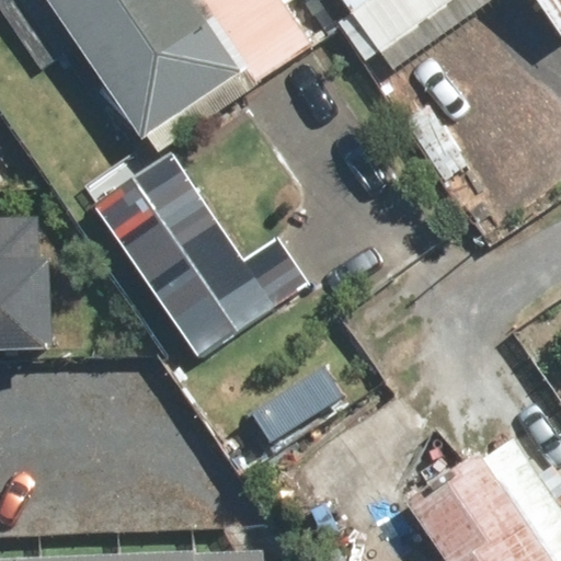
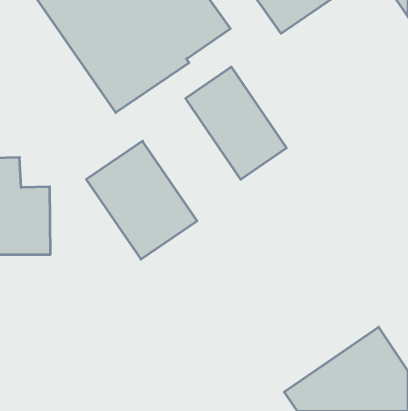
building: none -> [186,67,286,179]

